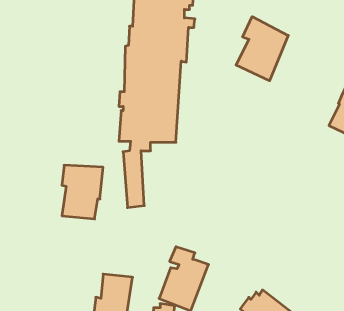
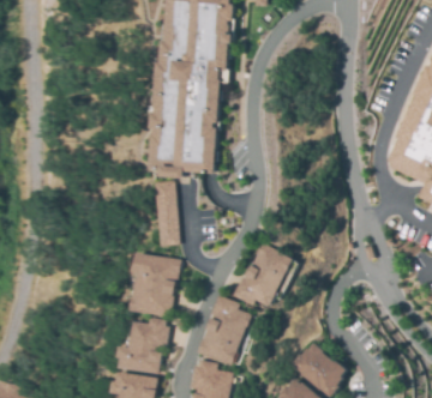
building: [236,17,288,81] -> none
building: [62,165,103,219] -> [133,258,180,319]
building: none -> [229,241,290,308]

